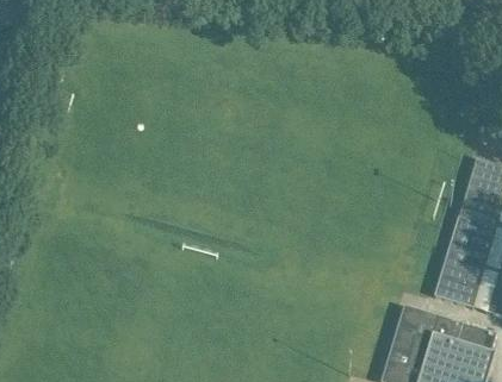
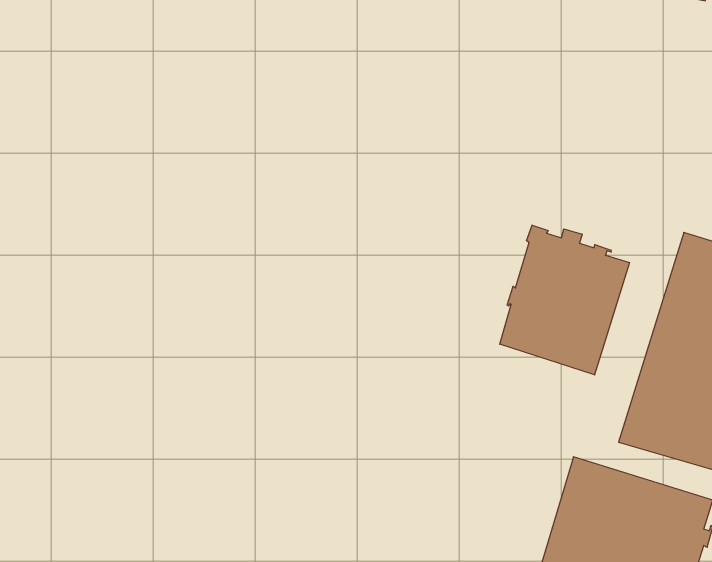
building: none -> [500,225,629,375]

